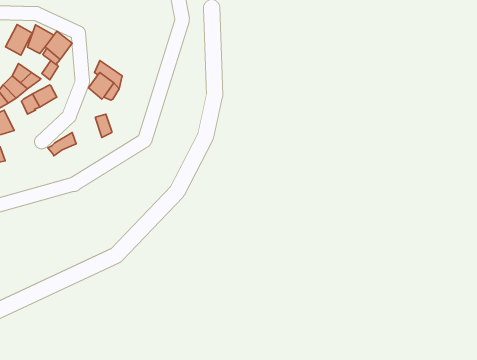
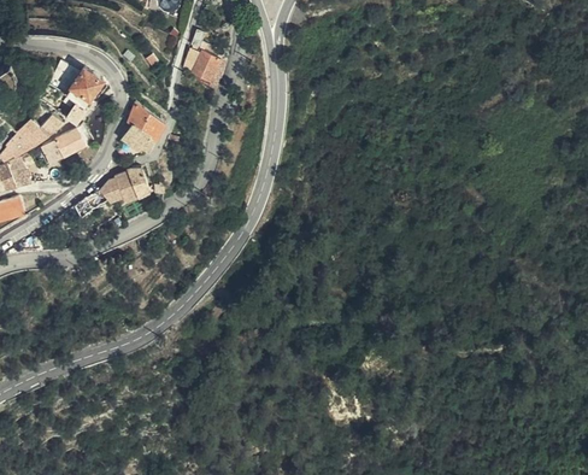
building: none -> [187,49,219,84]
building: [5,25,33,55] -> none
building: none -> [101,170,136,200]

